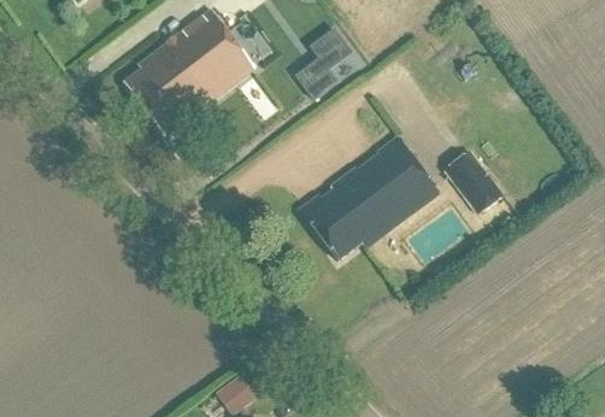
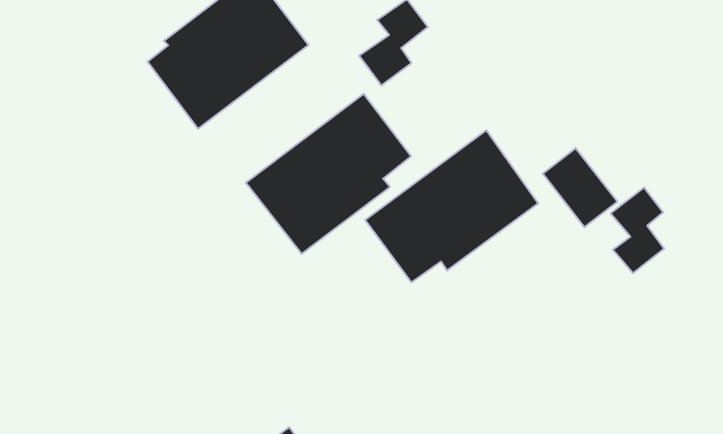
building: none -> [246,94,411,254]
building: none -> [611,187,664,273]

